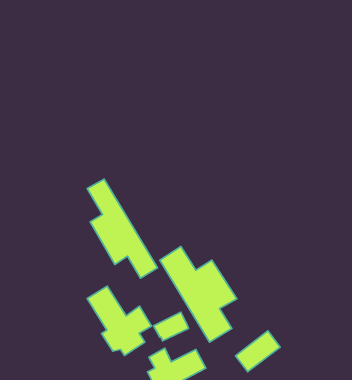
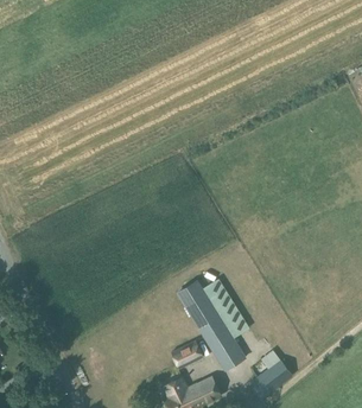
building: [87,179,158,278] -> none
building: [87,286,152,355] -> none

